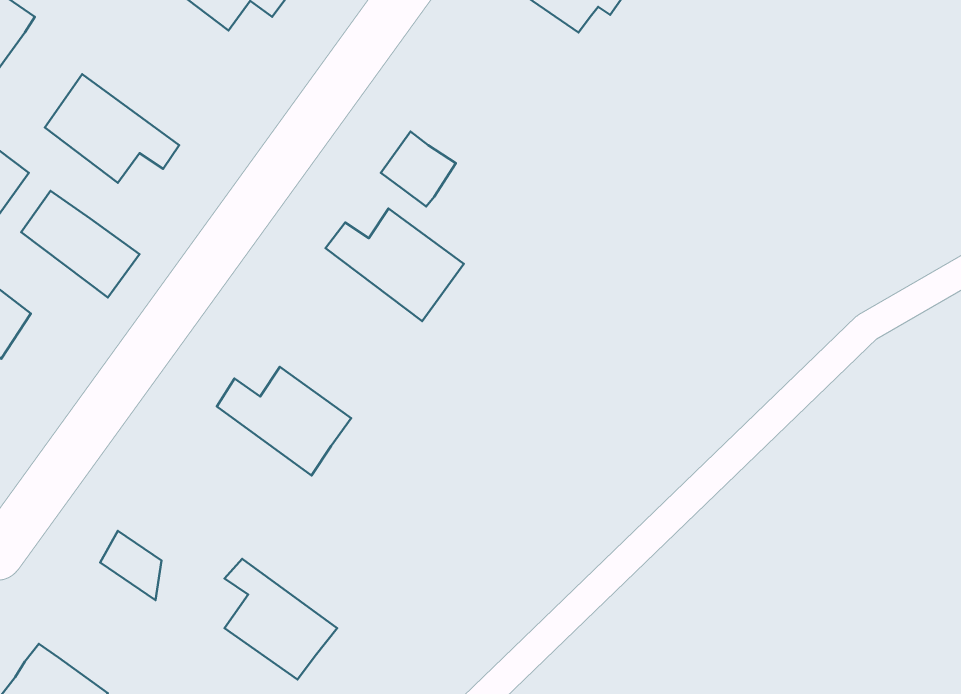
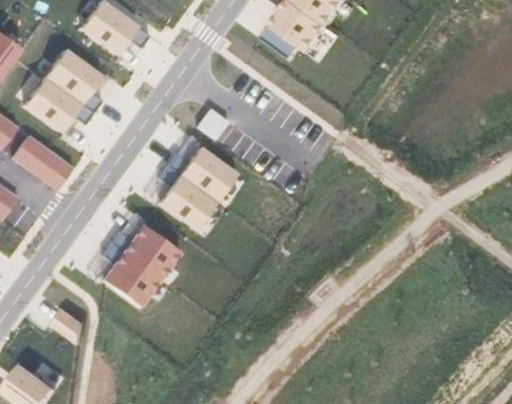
building: none -> [43,48,101,111]
building: none -> [159,163,215,226]
building: [224,559,337,679] -> [102,243,159,304]

